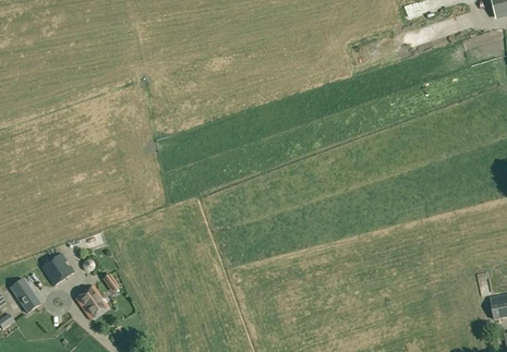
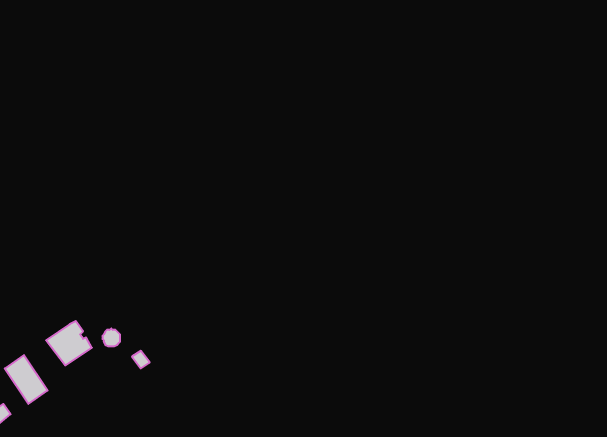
building: [75,286,108,319] -> none

